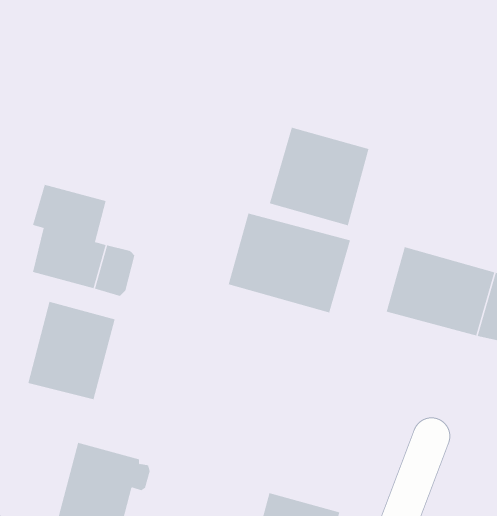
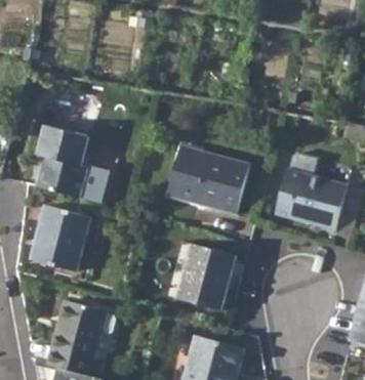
building: [269,127,369,226] -> none
building: none -> [175,244,235,310]

